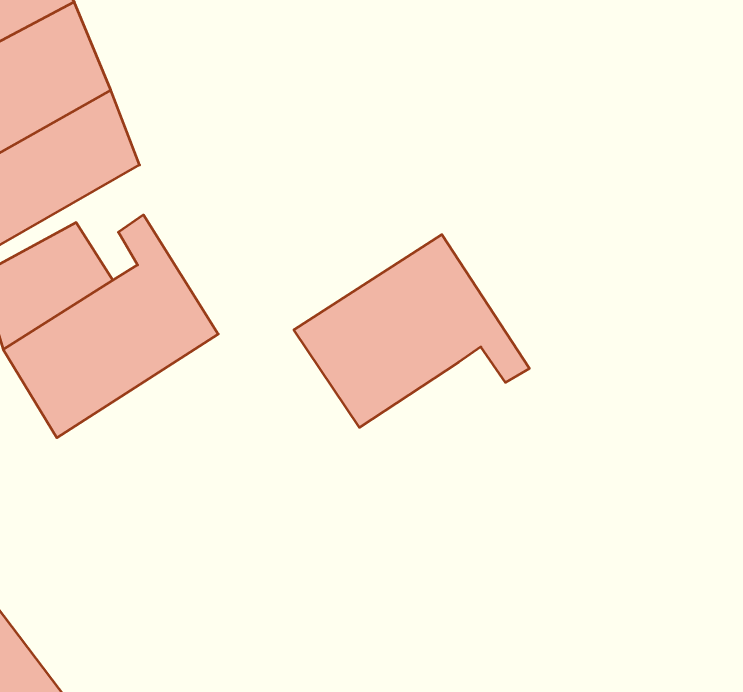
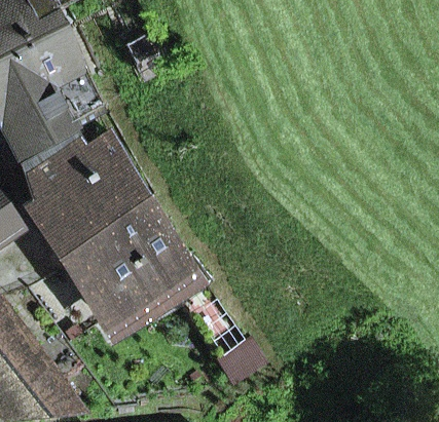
building: [294,235,529,427] -> none
building: none -> [57,194,194,327]

